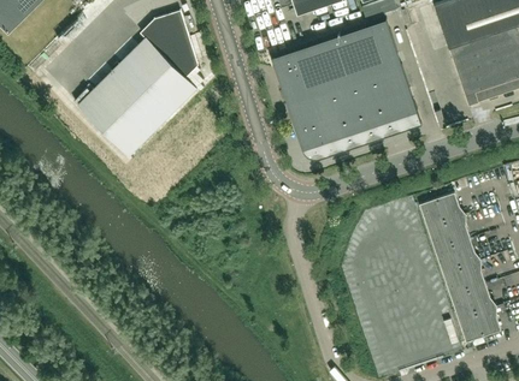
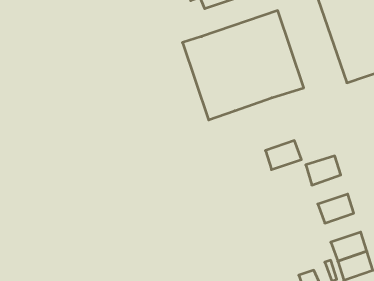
building: [77,12,196,156] -> none
building: [426,216,470,251] -> [265,141,301,170]
building: [442,262,485,297] -> none

